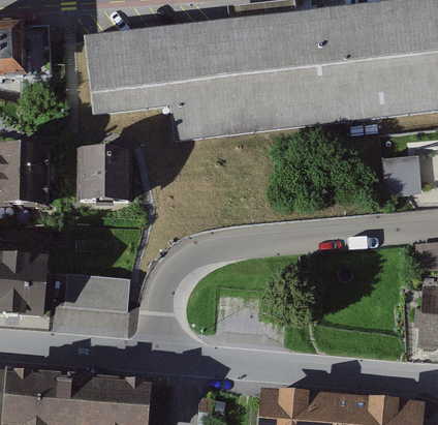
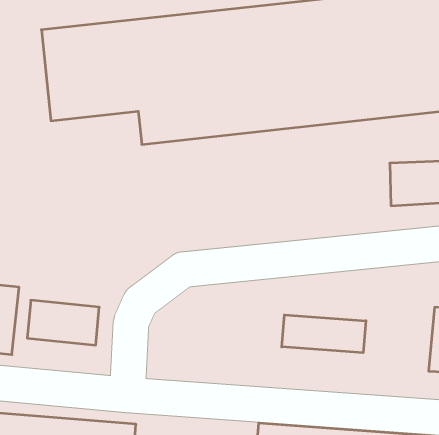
building: [80,147,122,194] -> none
building: none -> [282,315,366,353]

